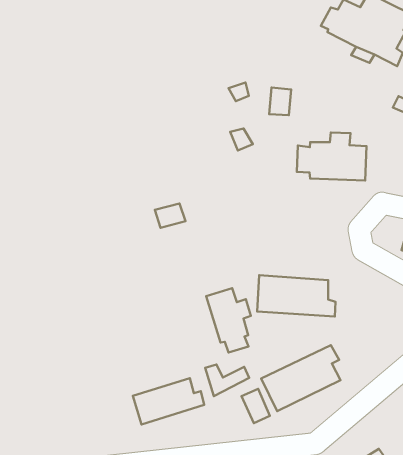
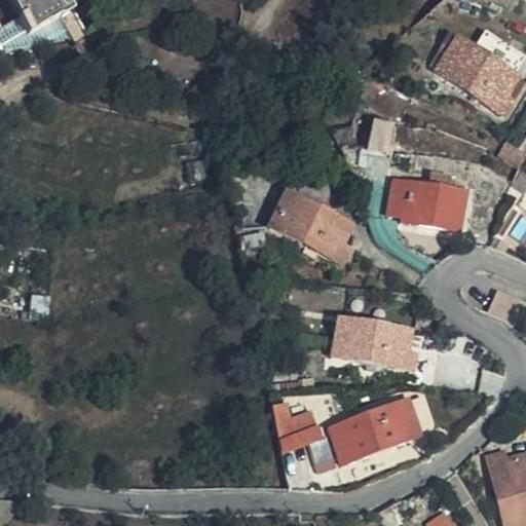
building: none -> [270,195,351,262]
building: [206,288,251,353] -> none
building: [133,378,204,425] -> none

